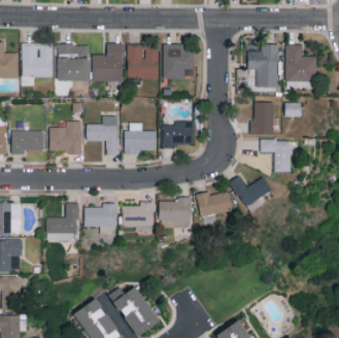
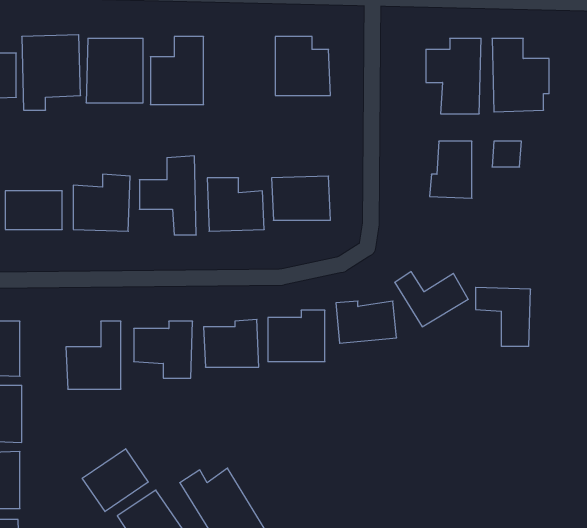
building: [127,44,158,78] -> none
building: [260,139,291,172] -> [476,287,531,346]
building: none -> [82,449,148,512]

